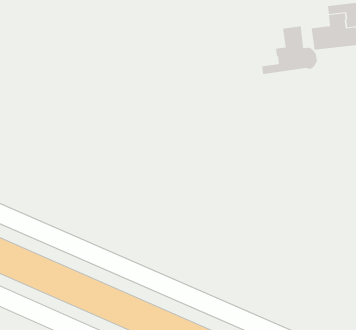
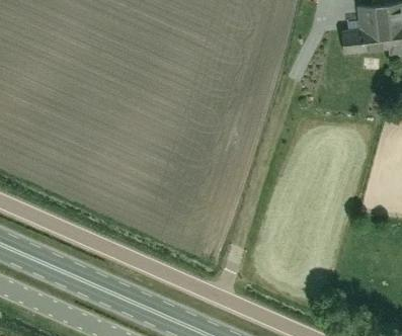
building: [262,25,317,75] -> none

